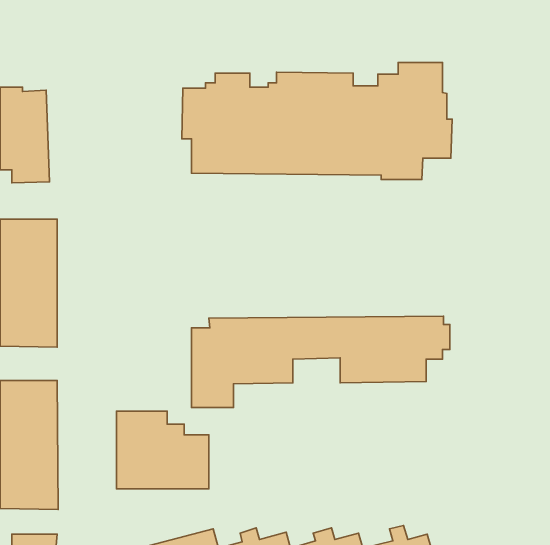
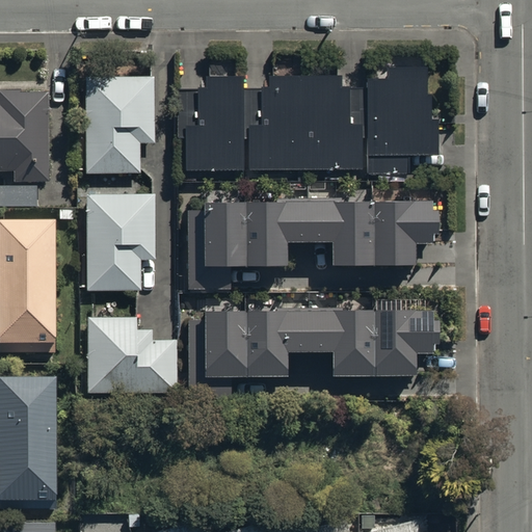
building: none -> [85,79,155,175]
building: none -> [86,194,155,291]
building: none -> [185,202,434,290]
building: [116,411,209,489] -> [87,318,177,393]

